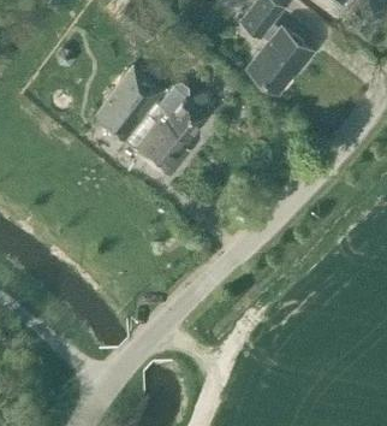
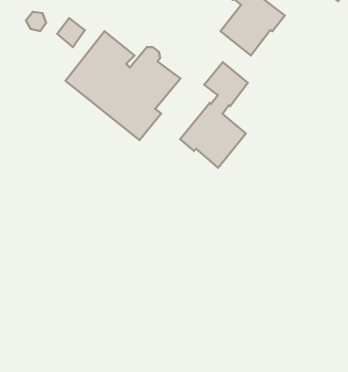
building: none -> [180,62,248,168]

